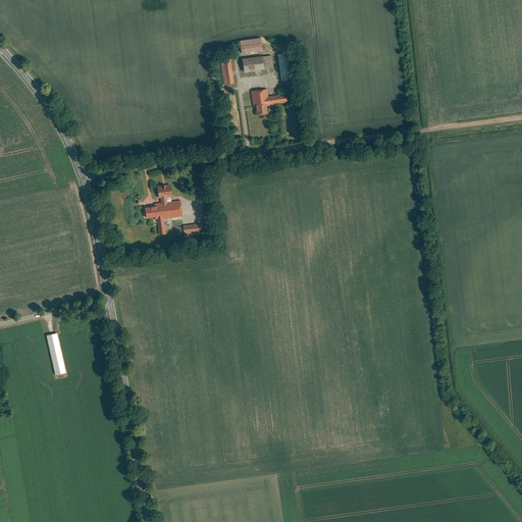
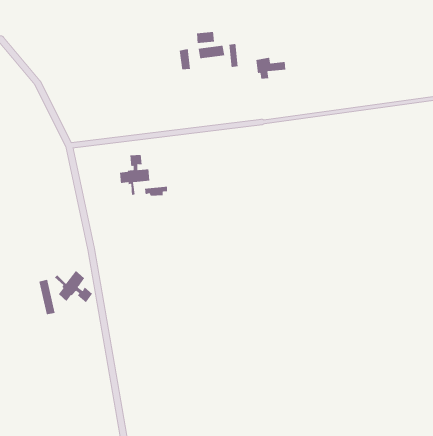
building: [252,88,289,114] -> [256,57,286,79]
building: none -> [54,270,93,303]

